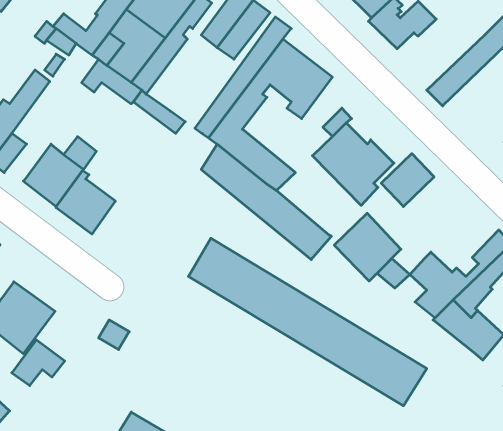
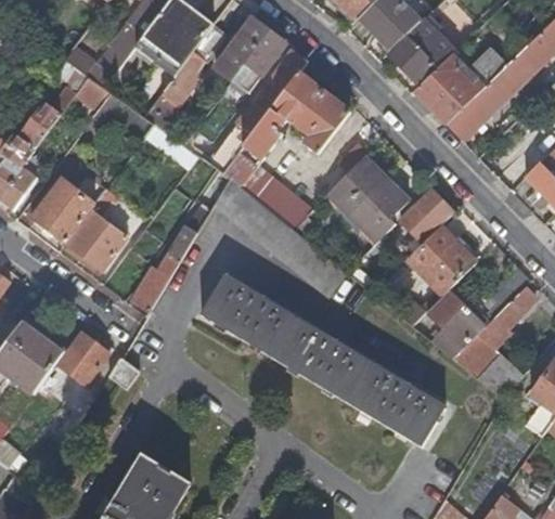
building: none -> [414,51,505,124]
building: none -> [132,223,198,311]
building: [334,213,401,281] -> [408,226,476,296]
building: [12,340,65,386] -> [55,329,109,376]

